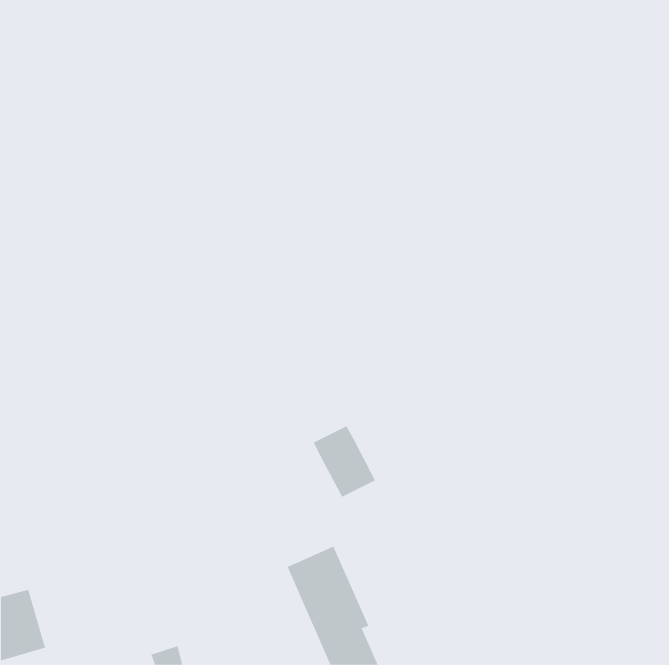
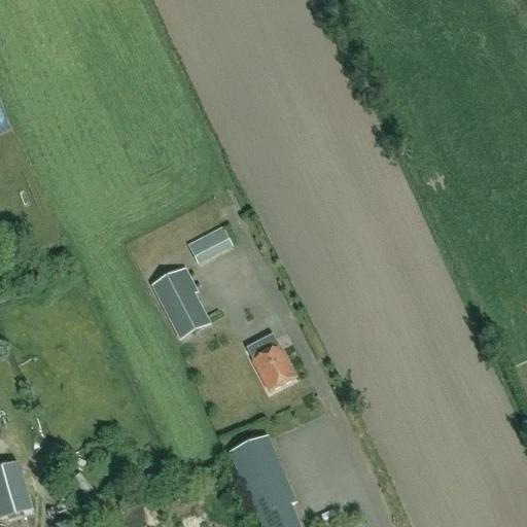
building: none -> [187,224,232,262]
building: none -> [150,268,211,341]

